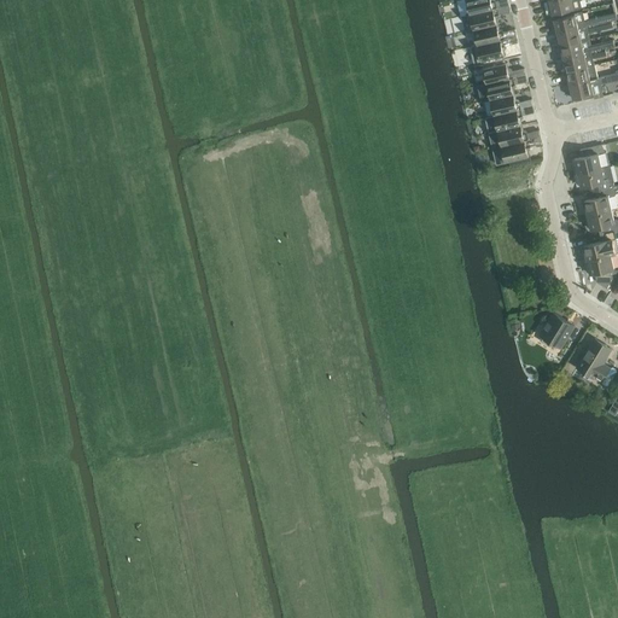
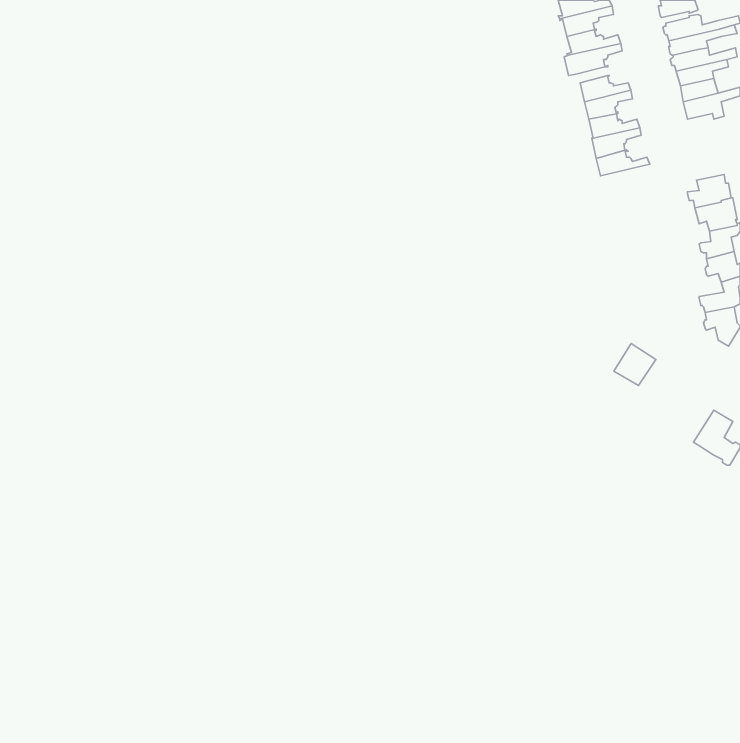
building: [499,136,541,162] -> none
building: [538,313,573,348] -> [614,343,656,386]

